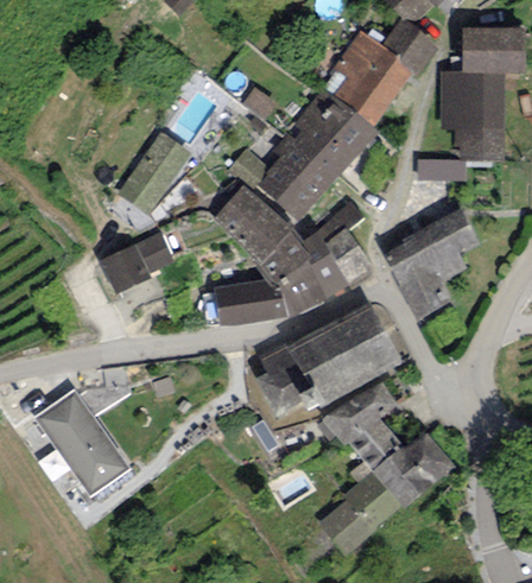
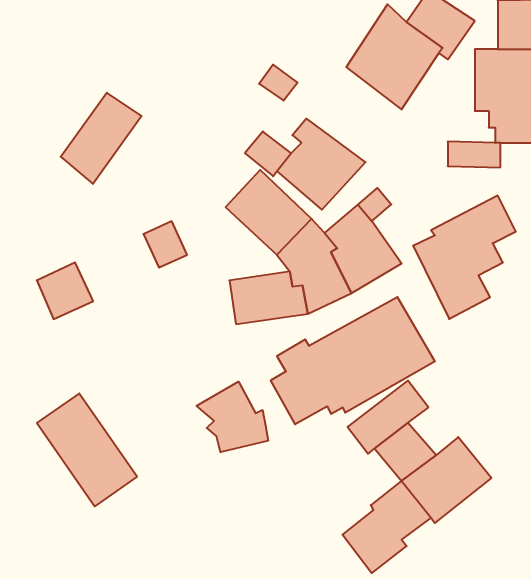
building: [285,89,375,177] -> none
building: [118,134,192,218] -> [61,93,142,184]
building: [99,243,151,296] -> [37,263,93,319]
building: none -> [197,382,268,452]

